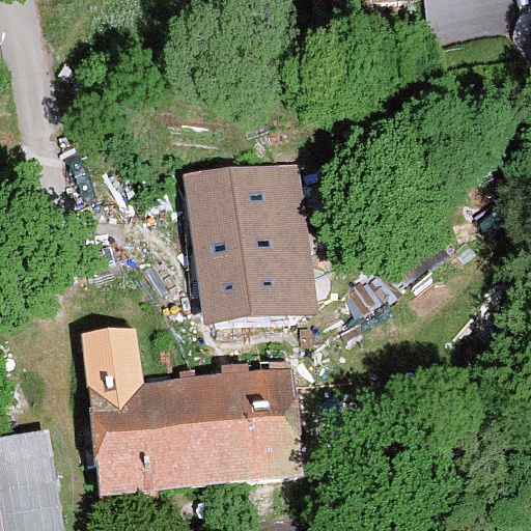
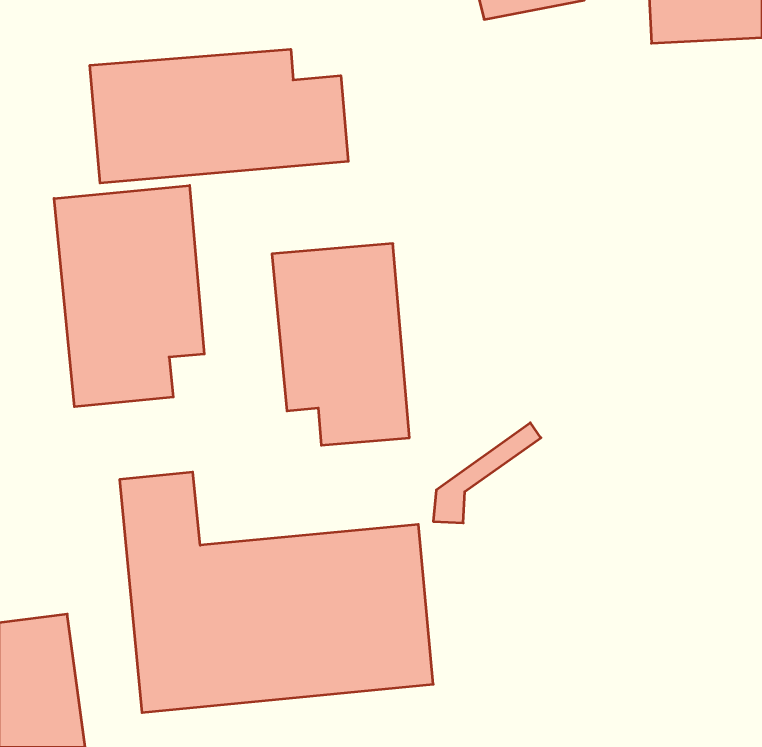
building: none -> [90,49,348,183]
building: none -> [54,185,204,407]

